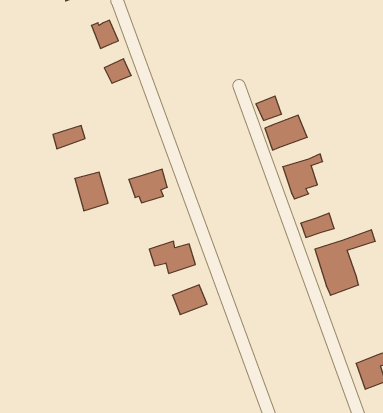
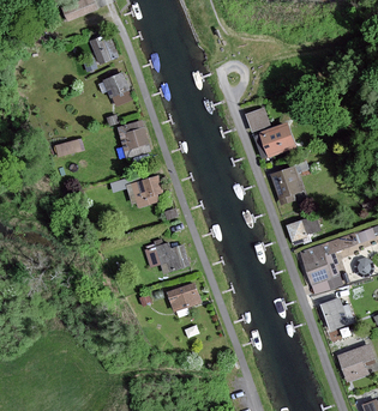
building: [75,172,108,211] -> [118,121,149,157]
building: none -> [322,300,353,331]

